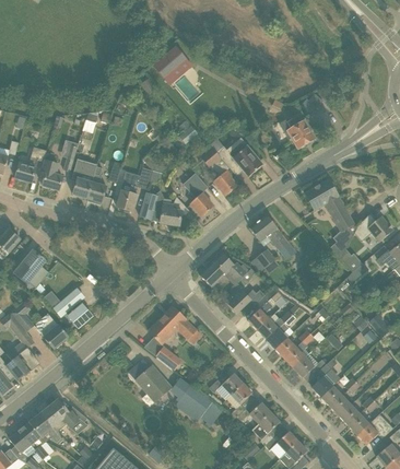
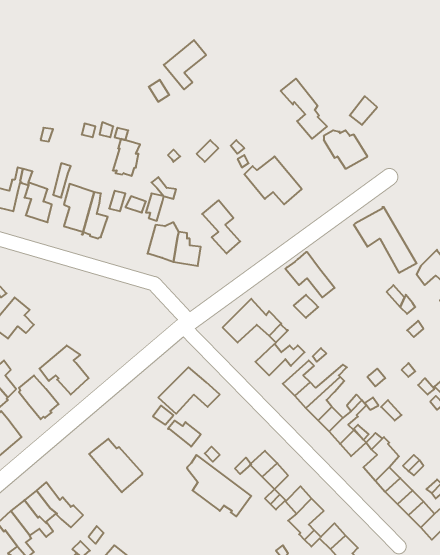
building: [200,146,237,195] -> [281,79,327,139]
building: [116,181,138,211] -> [113,139,140,176]
building: [128,359,170,401] -> [89,439,142,492]

